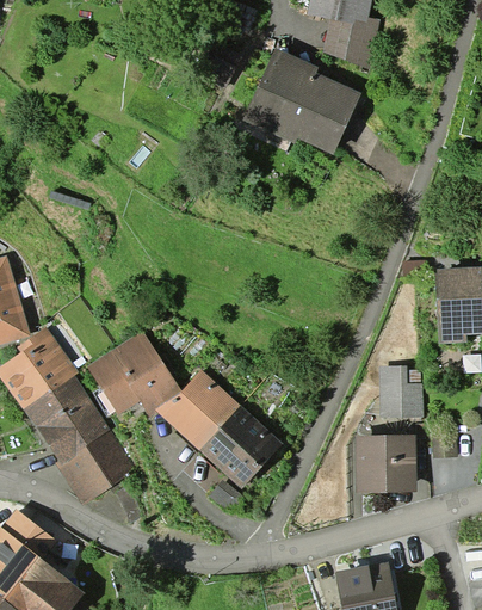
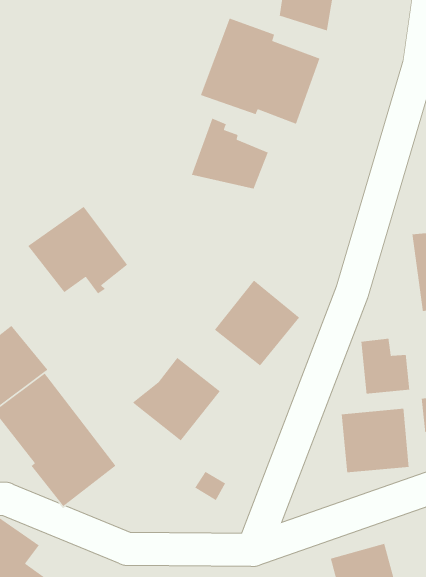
building: none -> [191,118,269,190]
building: [86,332,181,418] -> [27,206,128,295]
building: [199,405,283,488] -> [214,280,300,367]

